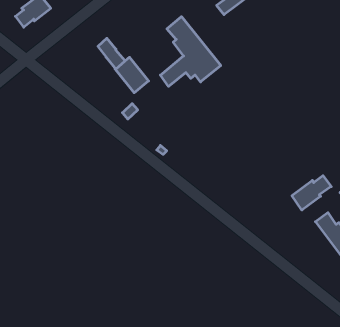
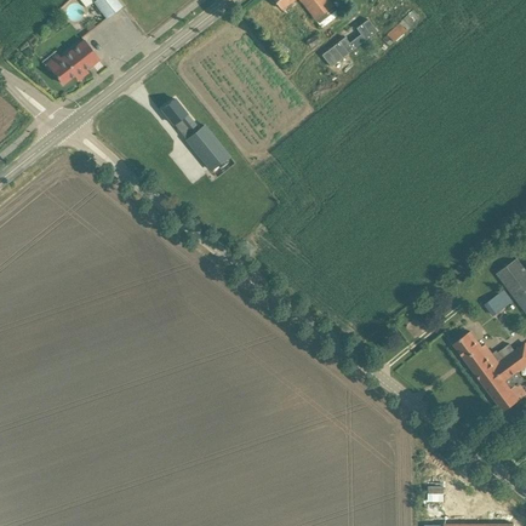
building: [160,17,221,86] -> none
building: [292,176,331,210] -> none

